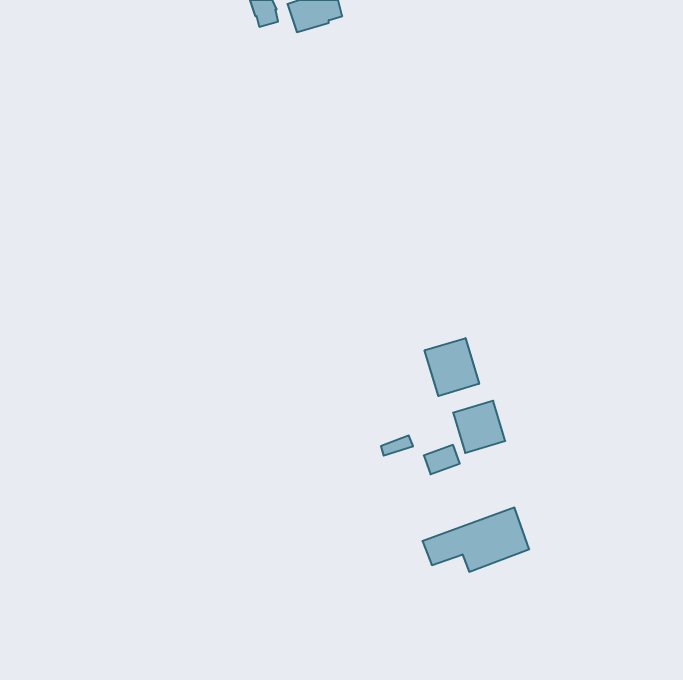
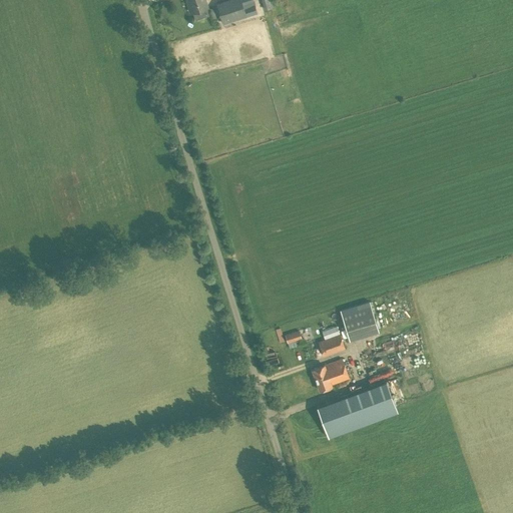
building: [425,338,479,396] -> none
building: none -> [312,361,349,392]

